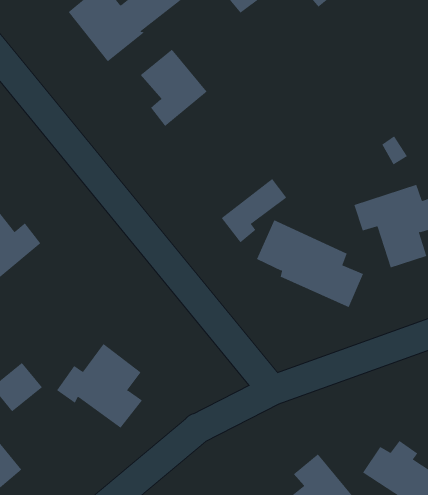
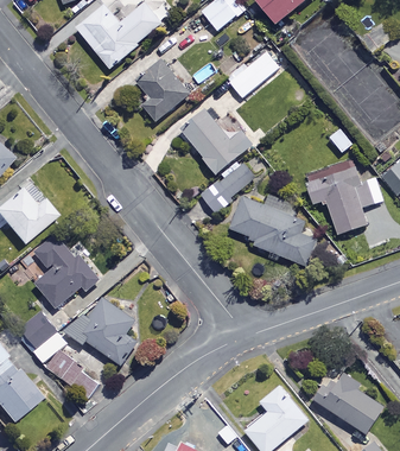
building: none -> [224,51,278,97]
building: none -> [182,107,253,173]
building: none -> [34,235,100,309]
building: none -> [45,349,99,396]

